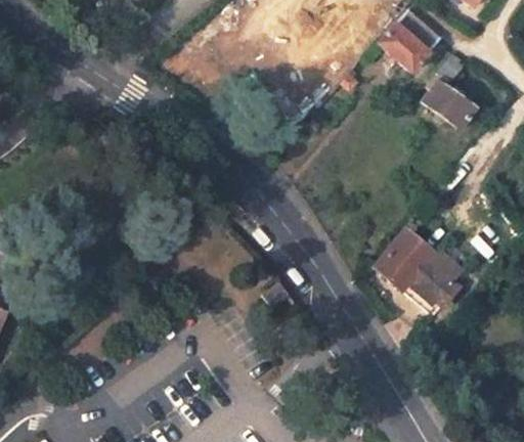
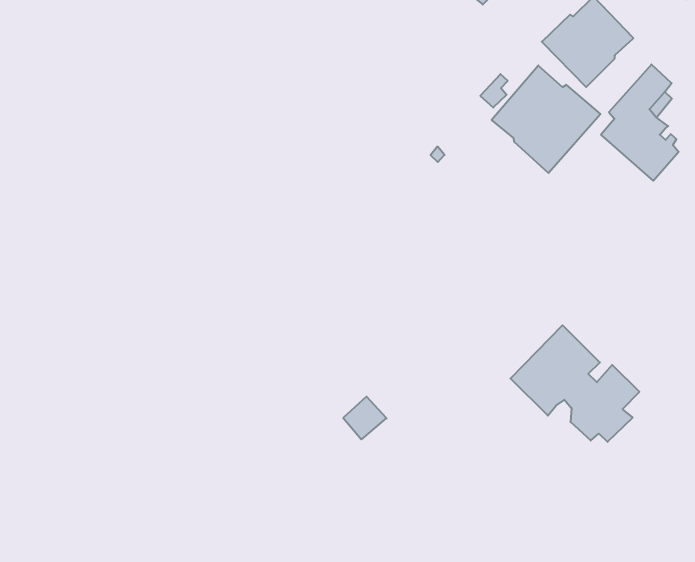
building: none -> [492,65,600,173]

